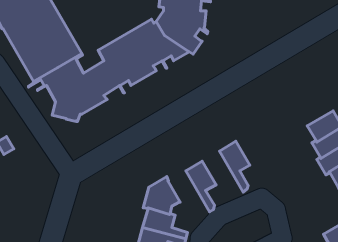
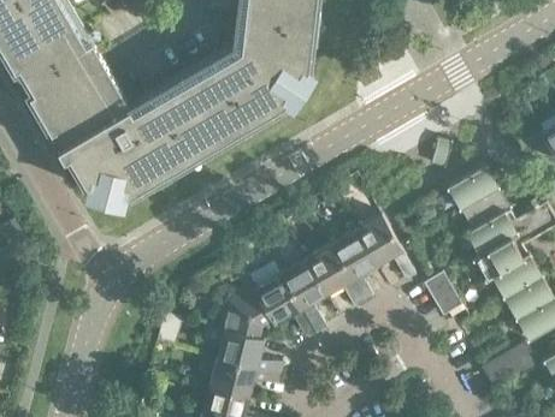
building: none -> [447,167,497,210]
building: none -> [354,216,415,281]
building: none -> [305,248,365,311]
building: none -> [424,274,462,318]
building: none -> [254,276,315,340]

